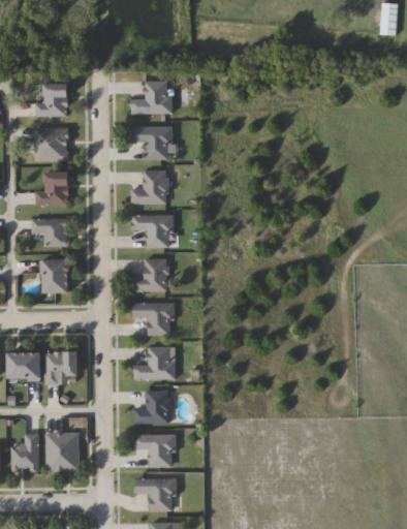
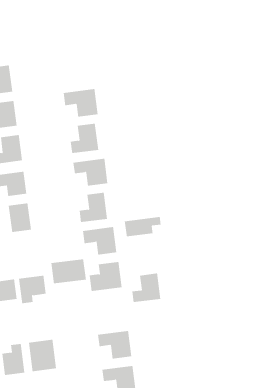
building: [130,81,171,114] -> none
building: none -> [124,216,161,237]
building: none -> [51,258,86,284]
building: [133,390,169,423] -> [131,273,161,303]

